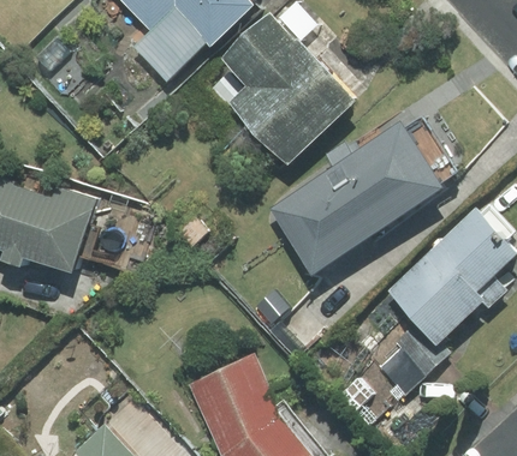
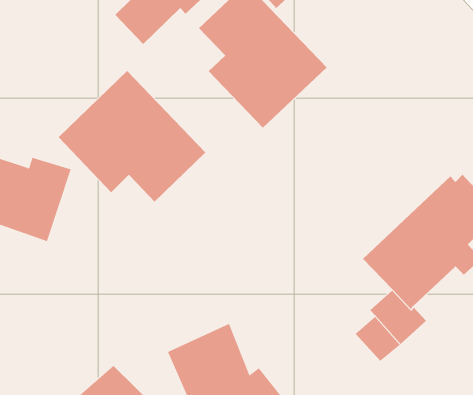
building: none -> [58,70,206,202]
building: [272,119,457,271] -> none

